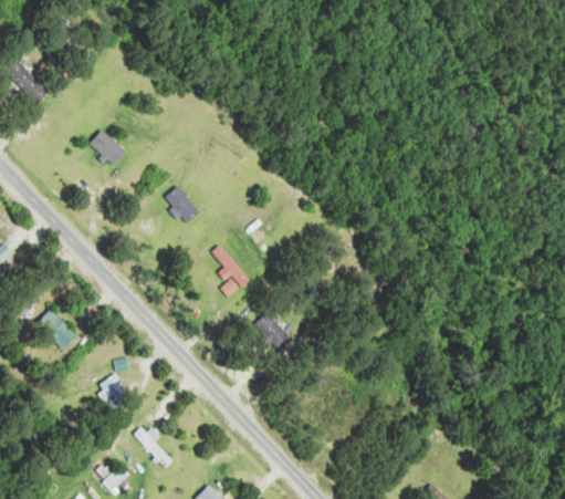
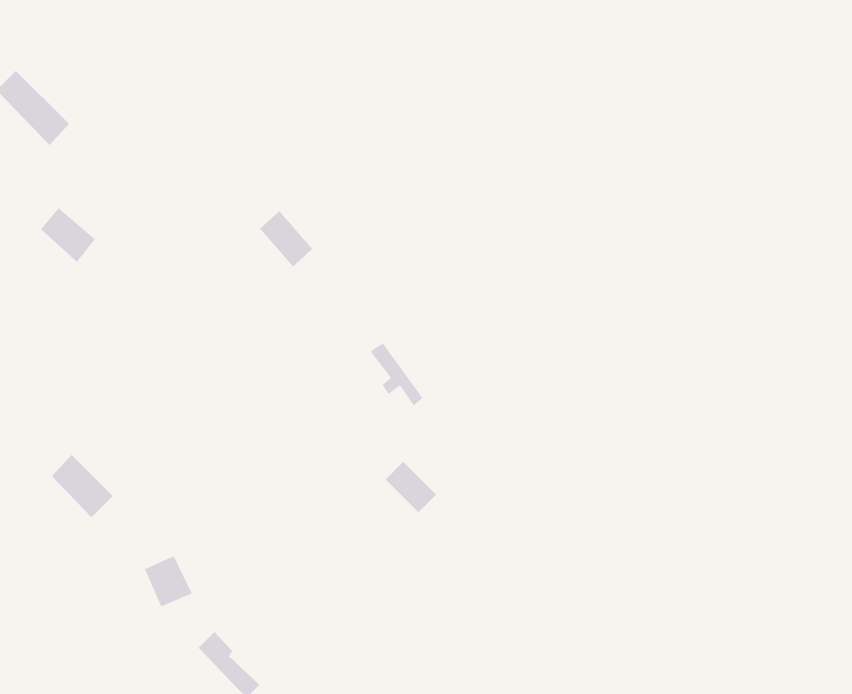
building: [90,131,126,167] -> [40,207,96,263]
building: [164,186,199,223] -> [259,210,313,267]
building: [212,245,248,287] -> [370,343,423,407]

